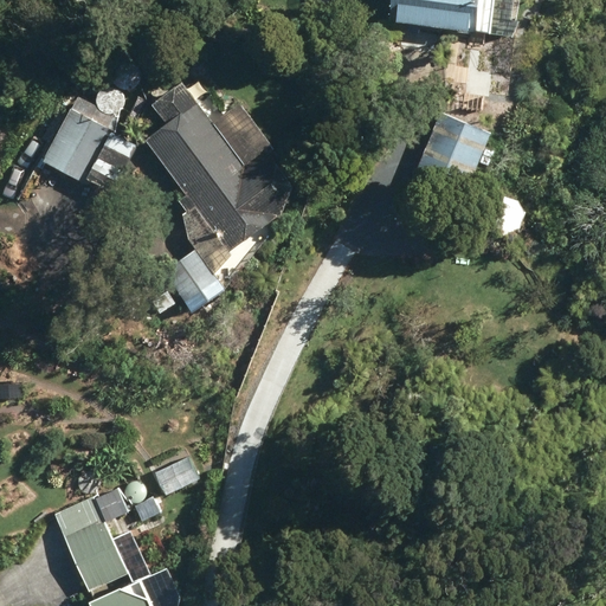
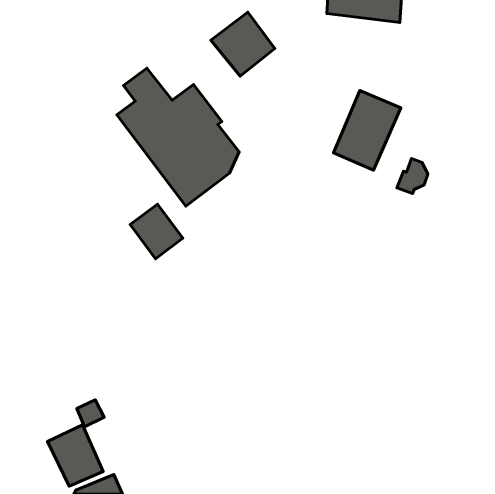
building: none -> [211,12,275,76]
building: [43,108,115,183] -> none

